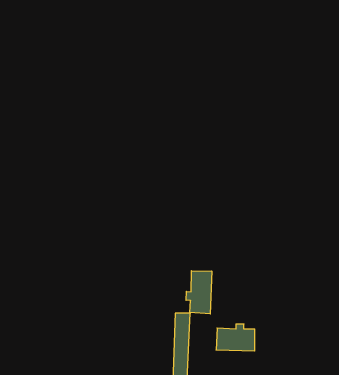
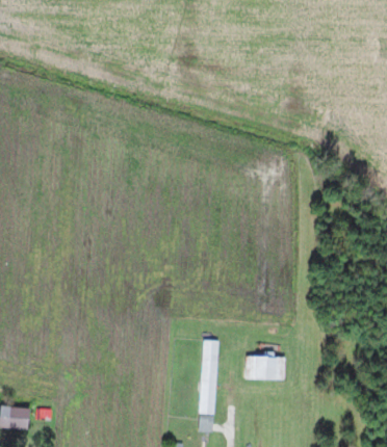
building: [186,271,212,314] -> none

